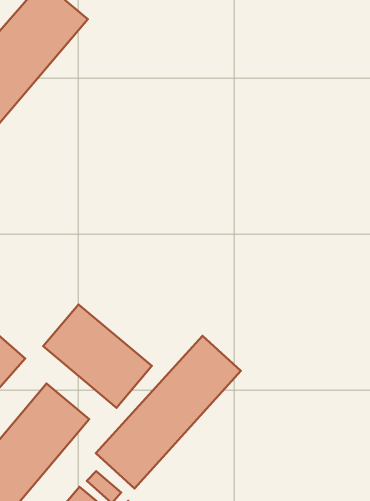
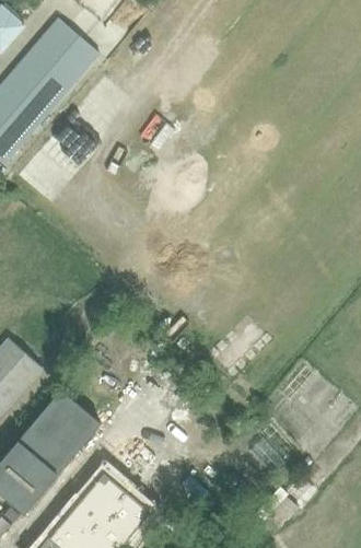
building: [43,304,152,408] -> none
building: [96,336,241,488] -> none

